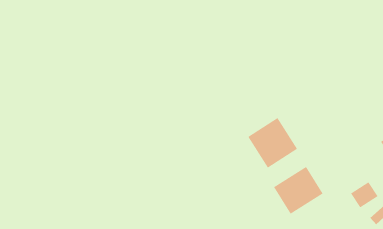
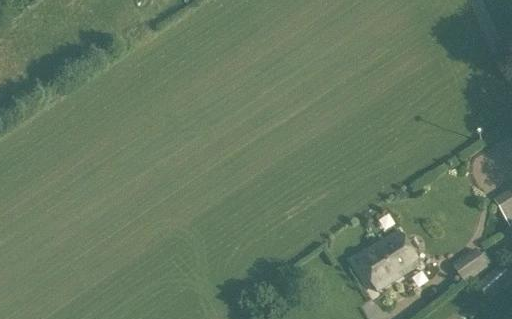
building: [248,117,298,169] -> none

